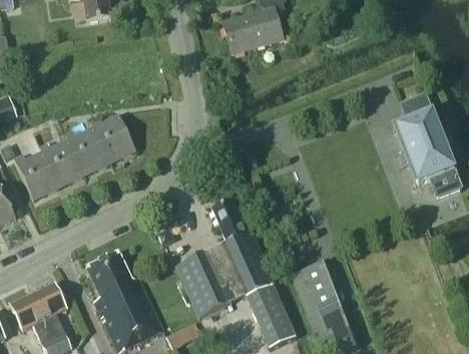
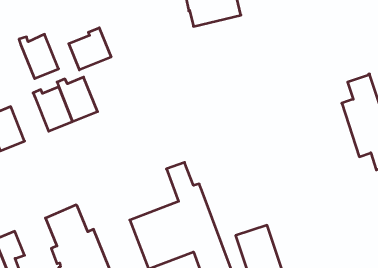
building: none -> [69,28,111,70]
building: [40,138,84,187] -> [19,34,59,79]

